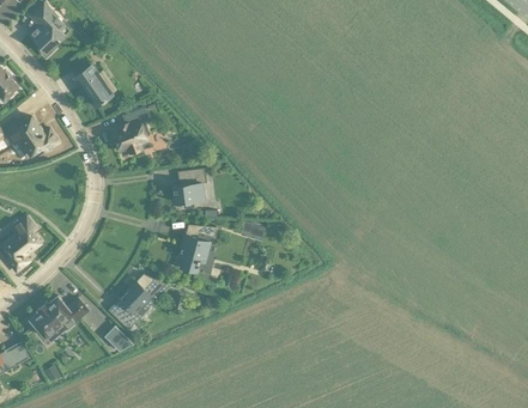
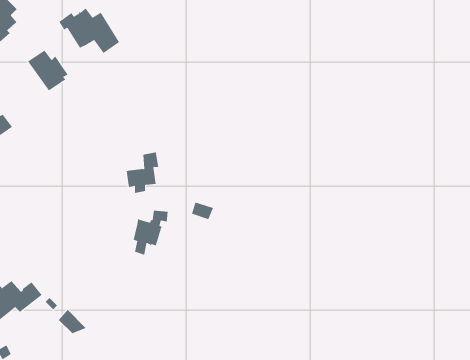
building: none -> [58,7,120,54]
building: [110,106,148,153] -> none
building: [117,276,165,329] -> none

